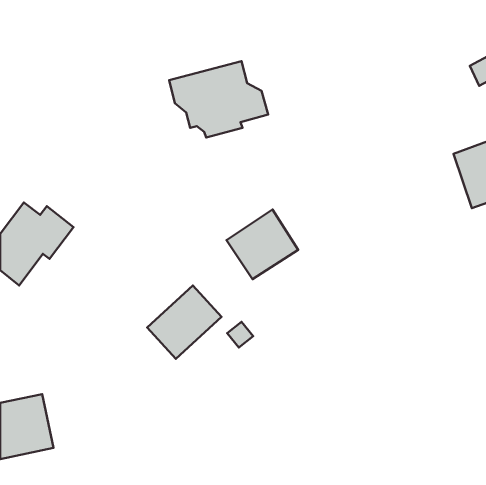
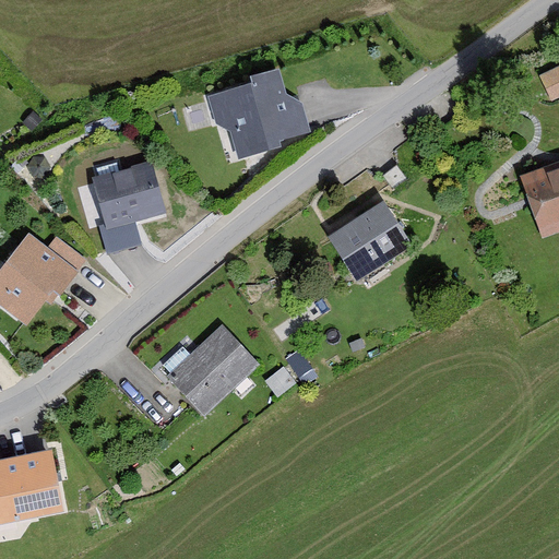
building: none -> [93,162,164,252]
building: [227,210,298,279] -> [329,201,411,281]

